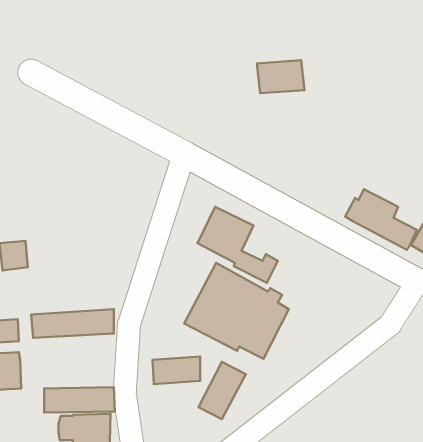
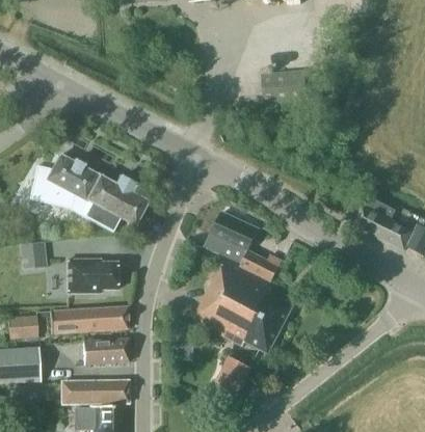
building: none -> [28,154,147,231]
building: none -> [67,259,116,293]
building: [153,357,200,384] -> [82,338,127,363]

